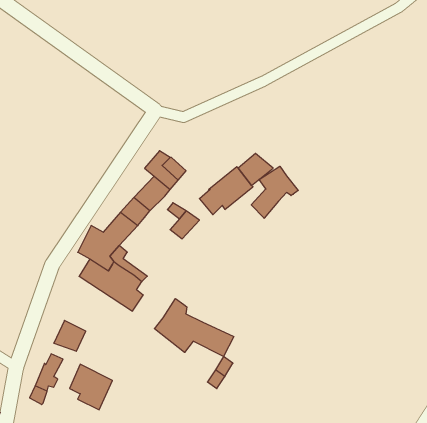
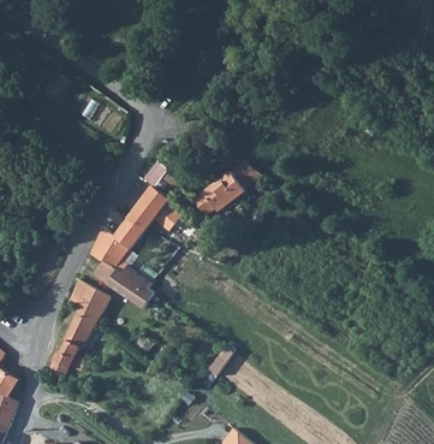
building: [251,166,298,218] -> none
building: [154,299,234,357] -> none
building: [70,364,112,410] -> [70,280,108,321]

